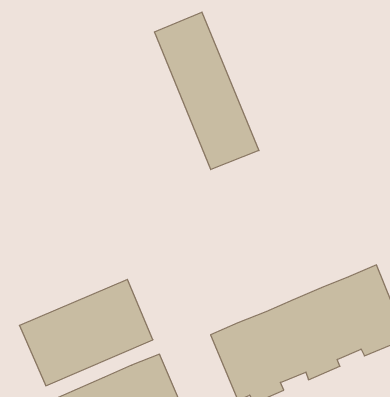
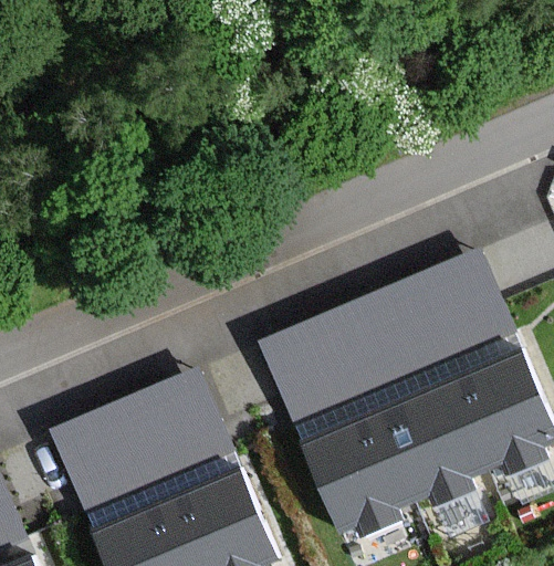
building: [154,12,259,170] -> none
building: none -> [261,252,505,415]

